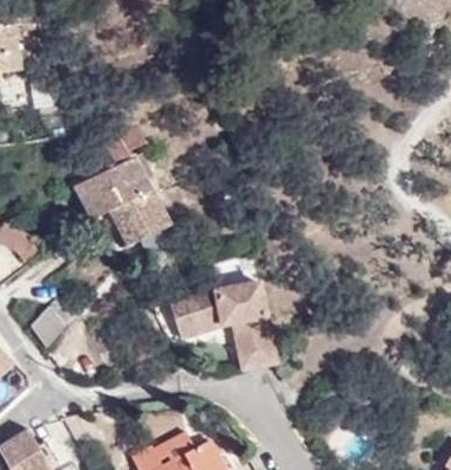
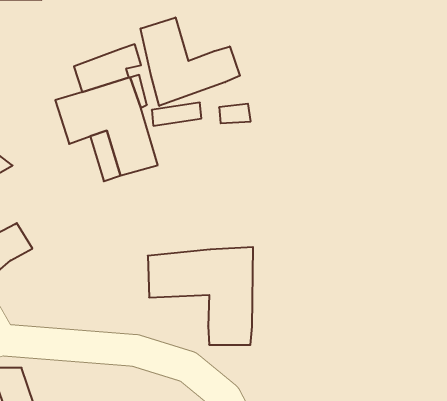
building: none -> [141,17,240,106]

